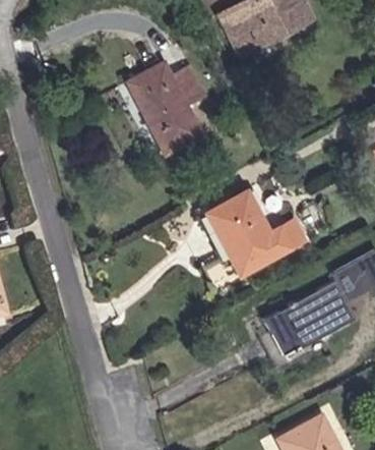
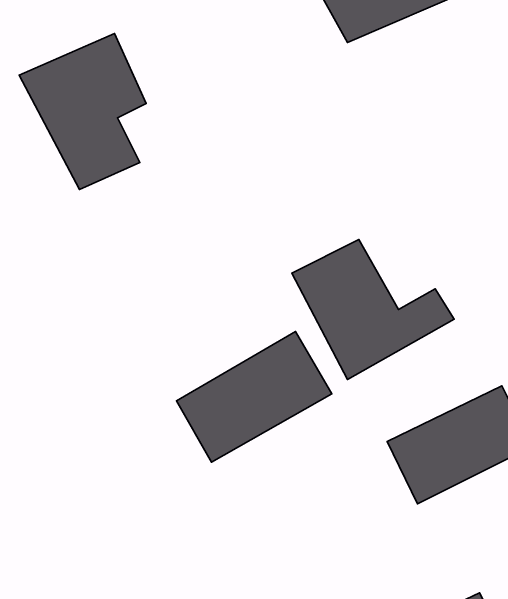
building: [125,54,206,154] -> [19,34,146,190]
building: none -> [177,332,332,462]

